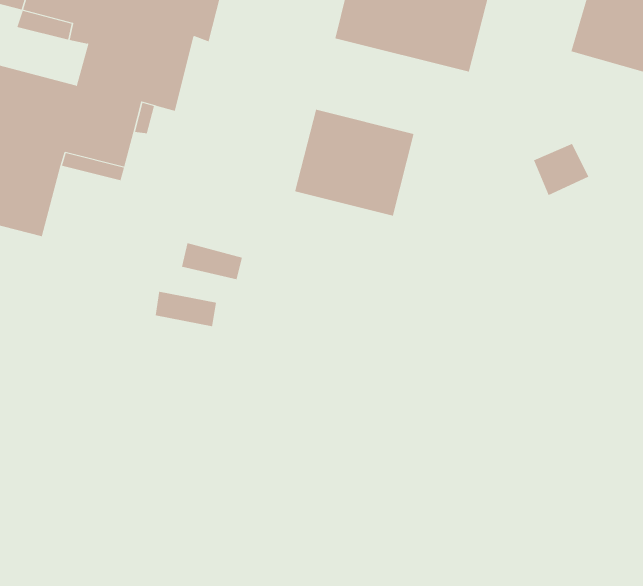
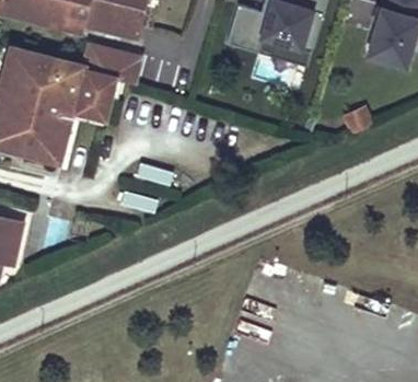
building: [295,109,414,216] -> none

